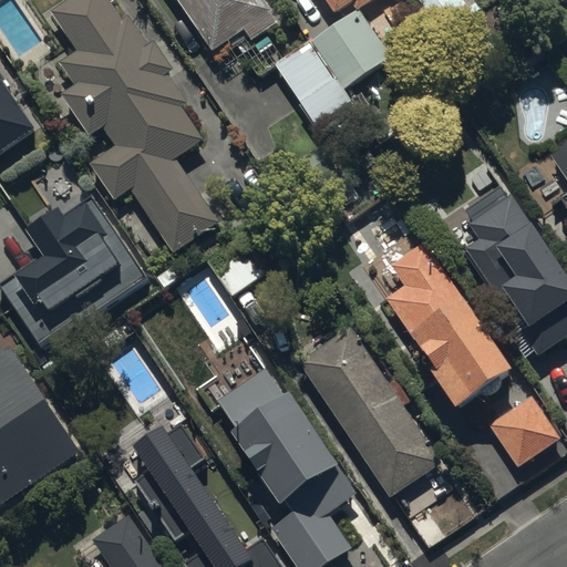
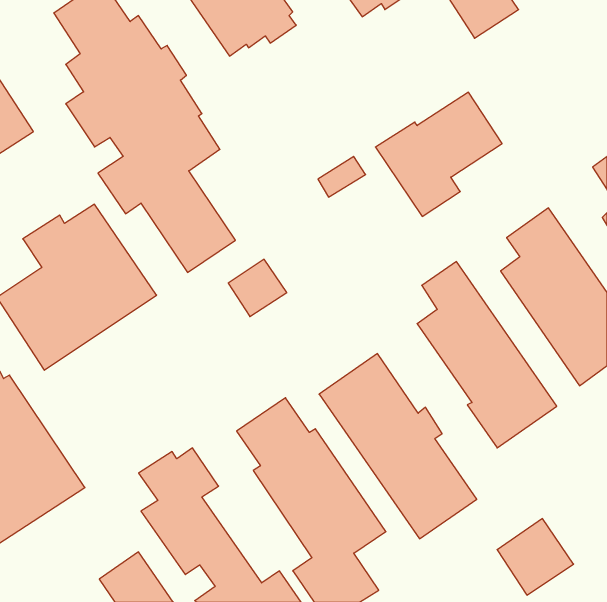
building: [272,10,390,125] -> [375,92,502,216]
building: [487,395,558,466] -> [497,519,574,595]

